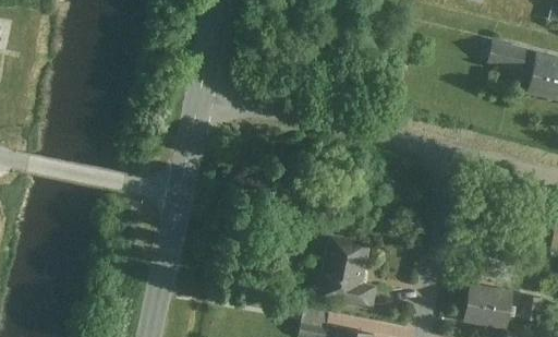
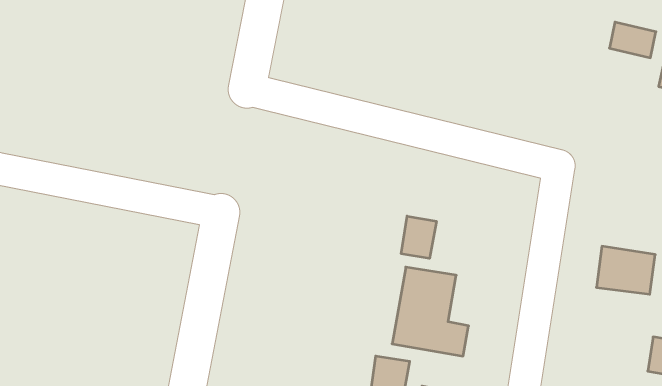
building: none -> [401,216,436,258]
building: [464,288,511,326] -> [596,246,655,294]

